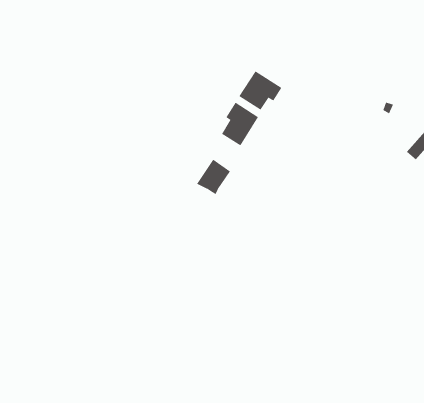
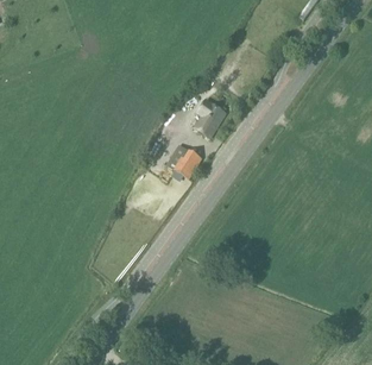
building: [238,71,282,110] -> none

